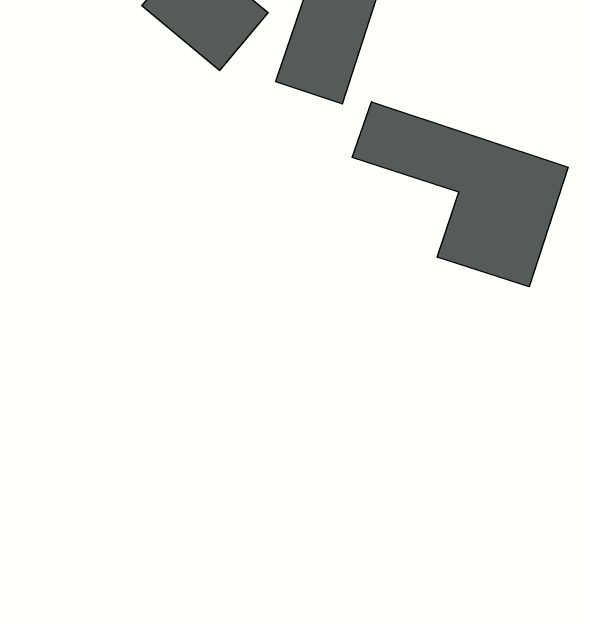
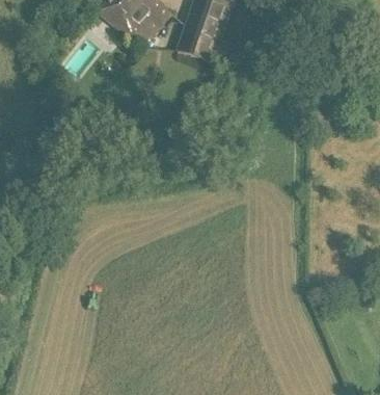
building: [352,102,568,287] -> none

